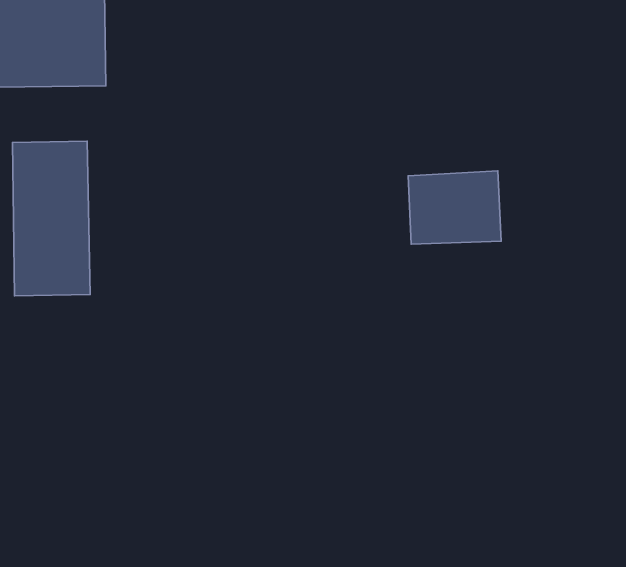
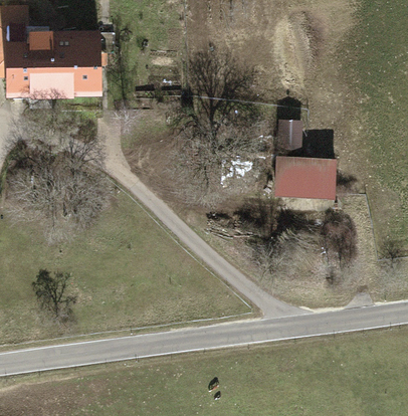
building: [12,141,90,296] -> none

